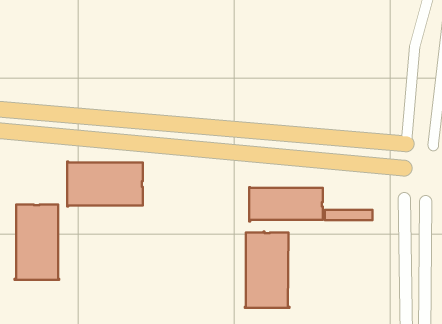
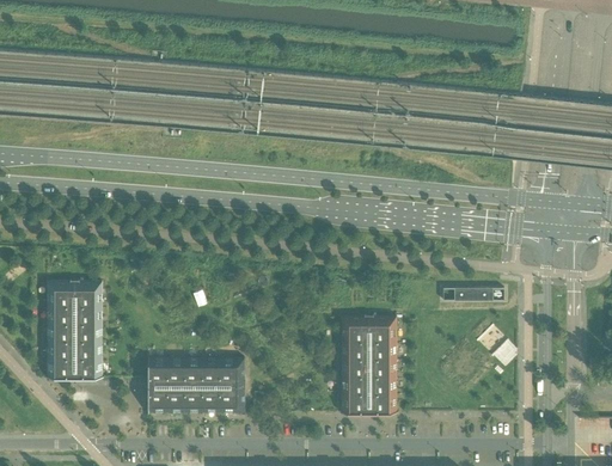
building: [67,162,143,206] -> [148,357,245,415]
building: [249,187,323,221] -> none

